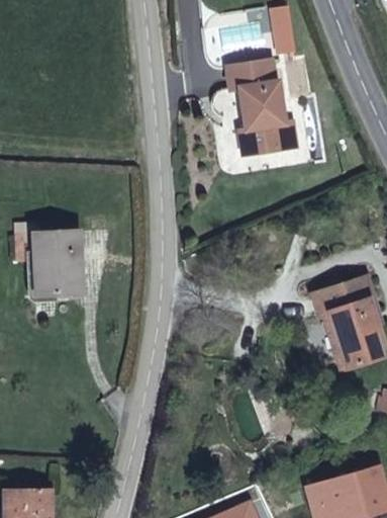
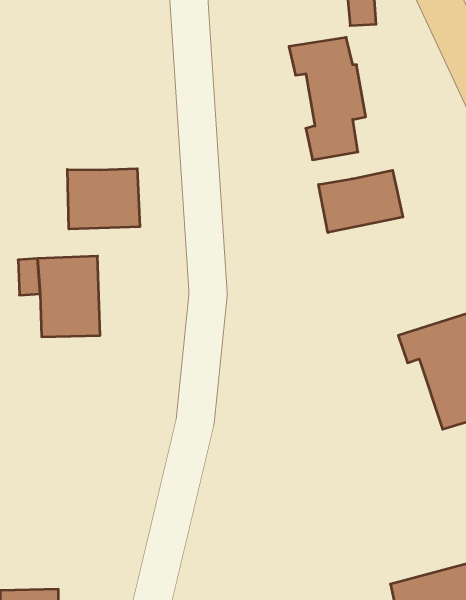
building: none -> [67,169,140,229]
building: none -> [319,170,403,233]

